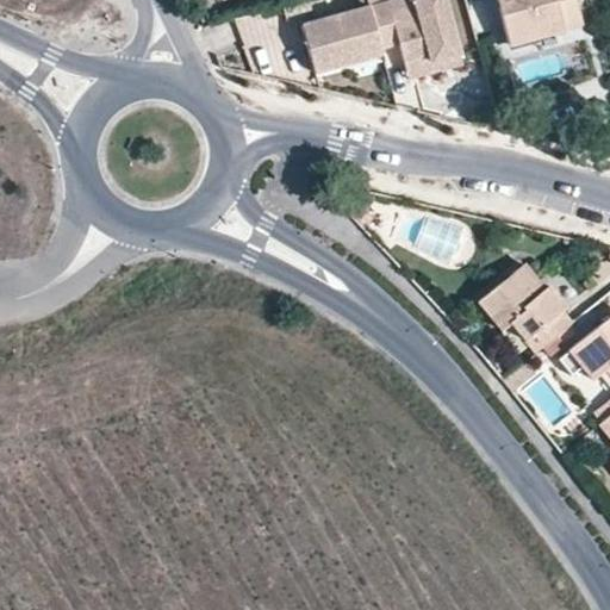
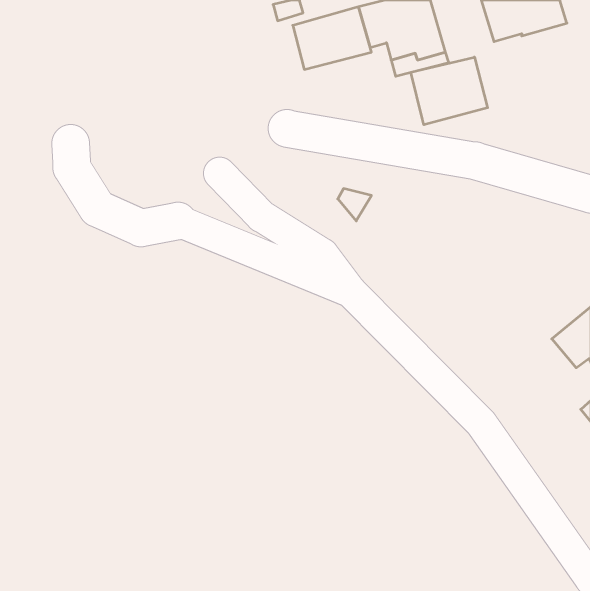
building: none -> [411,57,488,125]
building: [479,263,572,351] -> none

